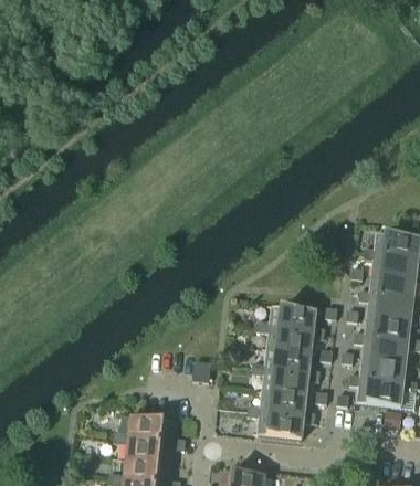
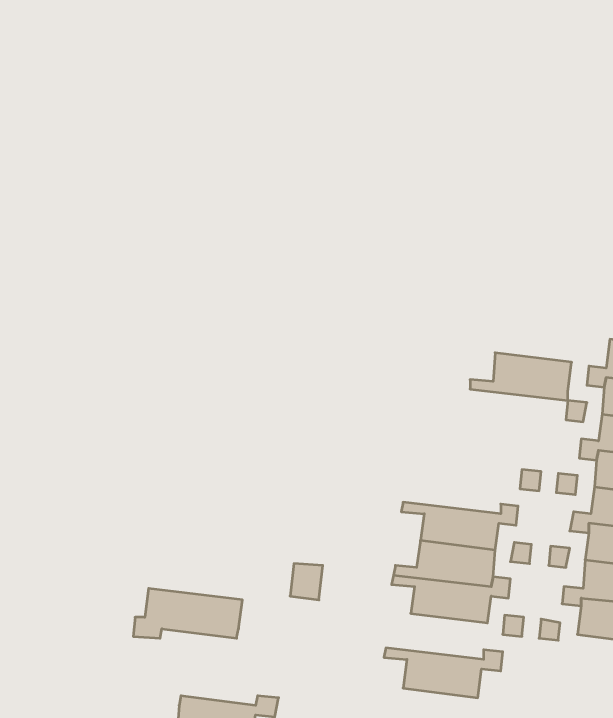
building: [258,305,316,332] -> [470,353,572,401]
building: [248,390,306,416] -> none
building: [113,414,176,443] -> [133,588,242,638]

